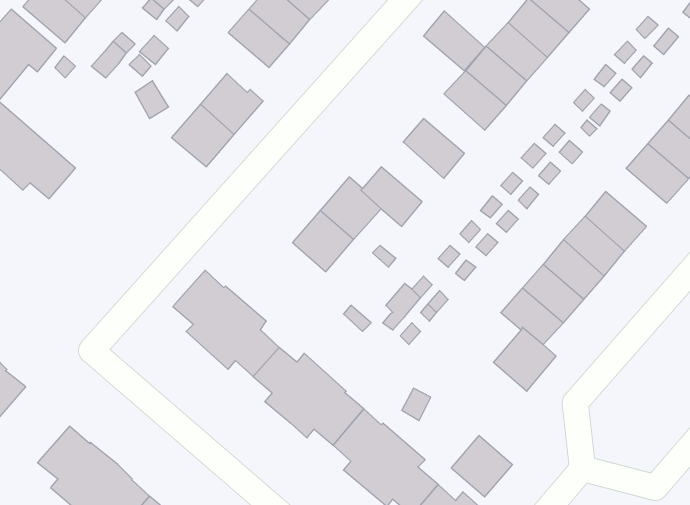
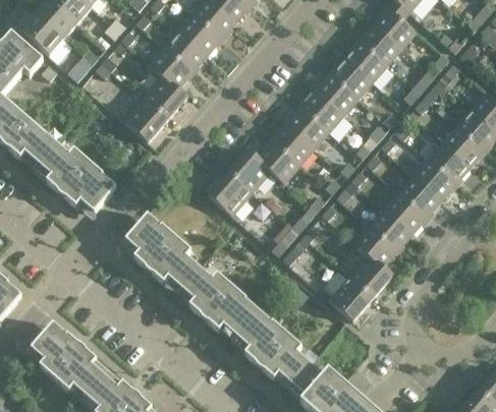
building: [424,11,485,71] -> [300,91,343,132]
building: none -> [149,48,192,90]
building: none -> [271,124,315,166]
building: none -> [39,142,117,213]
building: none -> [428,142,471,183]
building: [451,436,513,497] -> [330,278,373,320]

